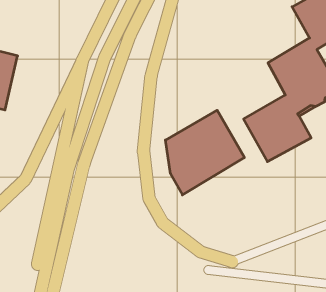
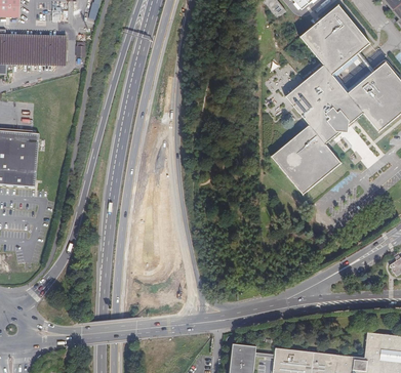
building: [165,110,244,195] -> none

